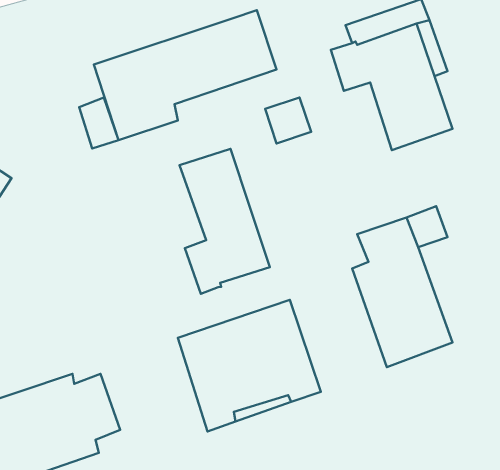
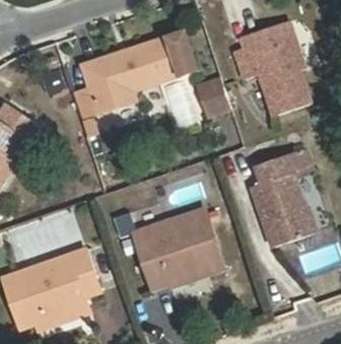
building: [180,149,270,294] -> none

